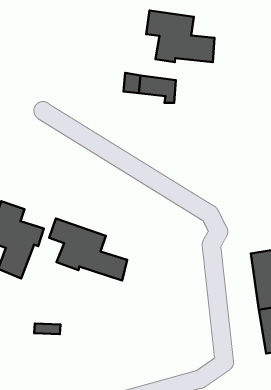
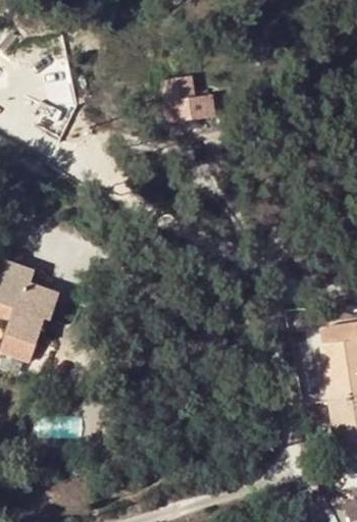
building: [146,11,215,62] -> none
building: [49,218,127,280] -> none

